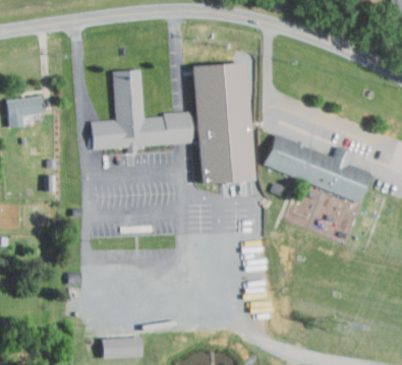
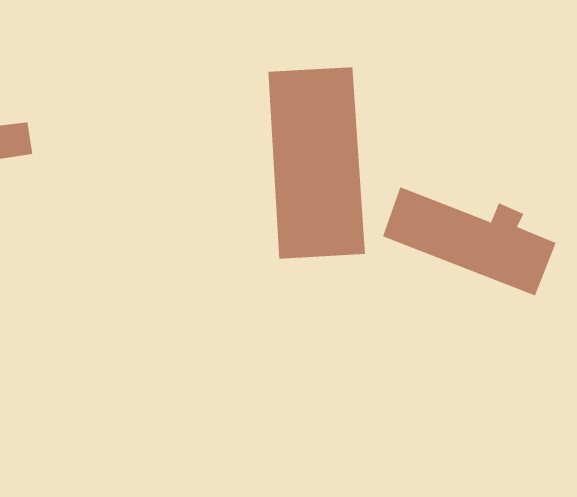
building: [92,68,193,153] -> none

